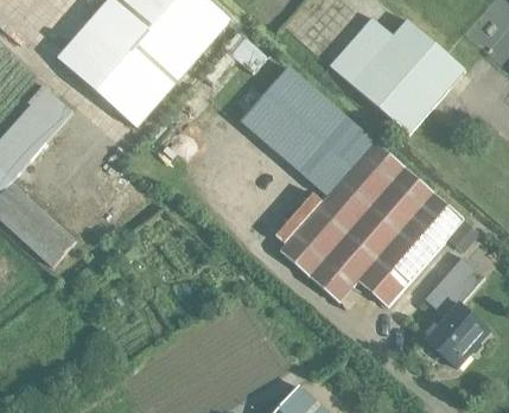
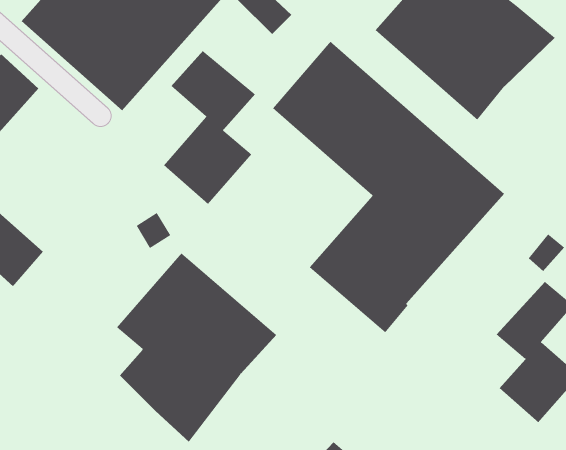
building: none -> [163,50,256,205]
building: [355,191,460,304] -> none
building: none -> [116,252,277,442]

